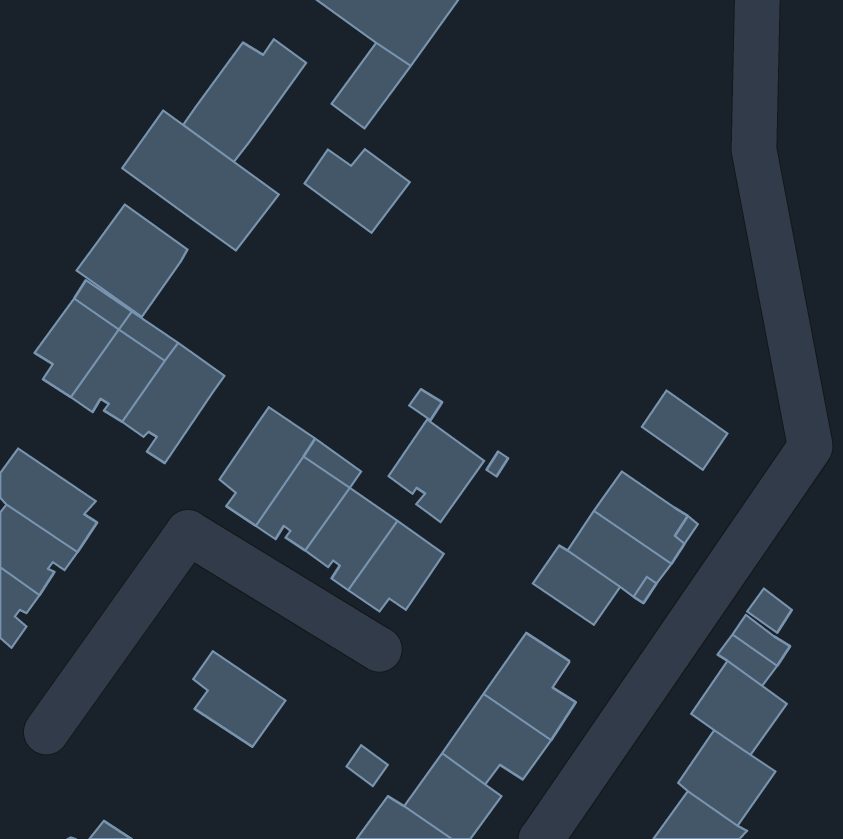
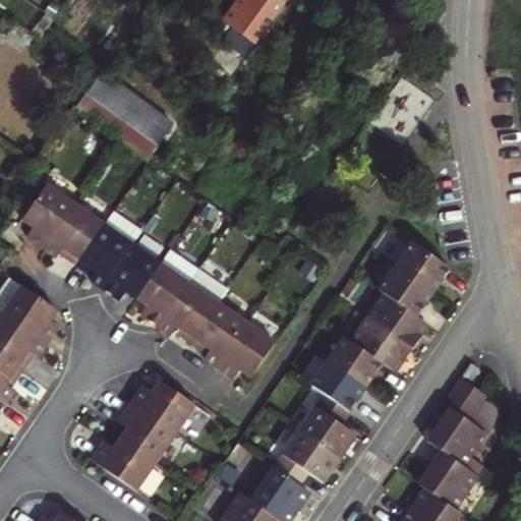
building: [183,39,306,162] -> none
building: [304,149,410,233] -> none
building: [76,204,188,317] -> none
building: none -> [102,242,159,297]
building: [388,420,484,522] -> none
building: none -> [379,264,433,313]
building: none -> [313,360,366,408]
building: none -> [131,380,195,432]
building: none -> [91,438,156,490]

